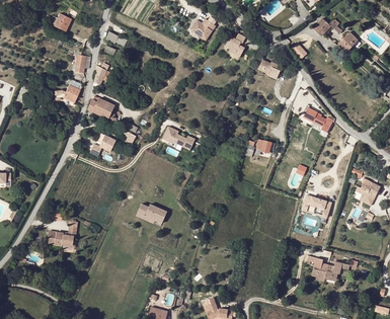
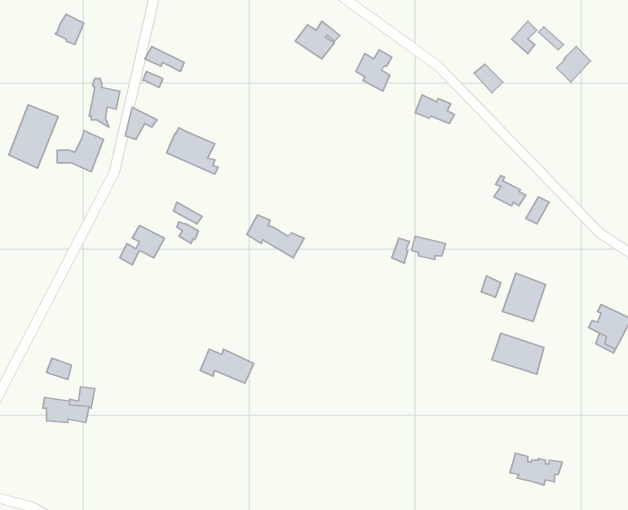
building: none -> [9,105,58,168]
building: [87,95,116,122] -> [166,128,218,174]
building: none -> [503,273,545,322]

